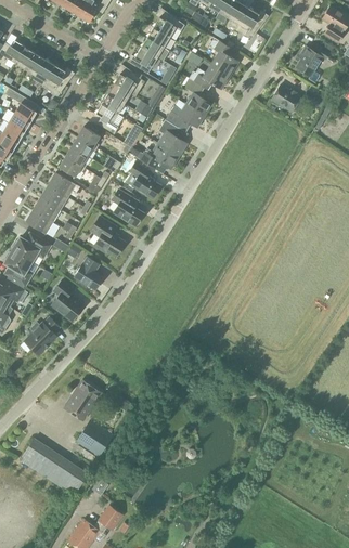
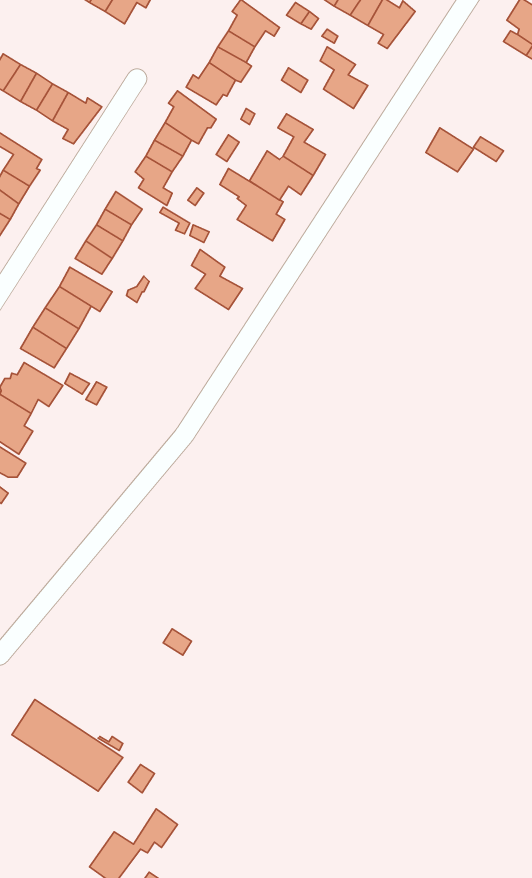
building: [296,41,332,81] -> none
building: [189,63,230,89] -> none
building: [141,143,180,172] -> none
building: [112,190,144,225] -> none
building: [90,217,126,257] -> none
building: [75,257,103,290] -> none
building: [52,279,85,321] -> none
building: [24,317,60,355] -> none
building: [64,380,100,419] -> none
building: [77,420,112,455] -> none

